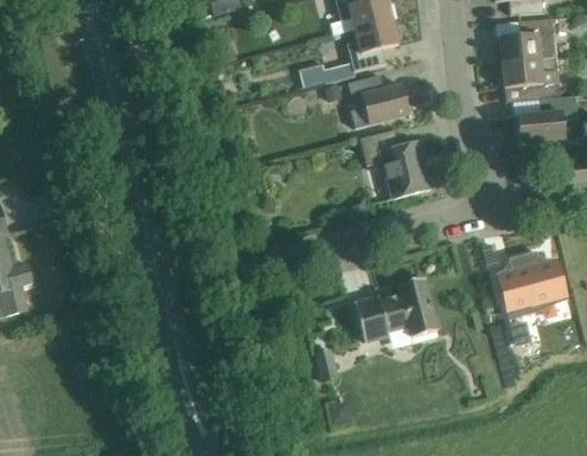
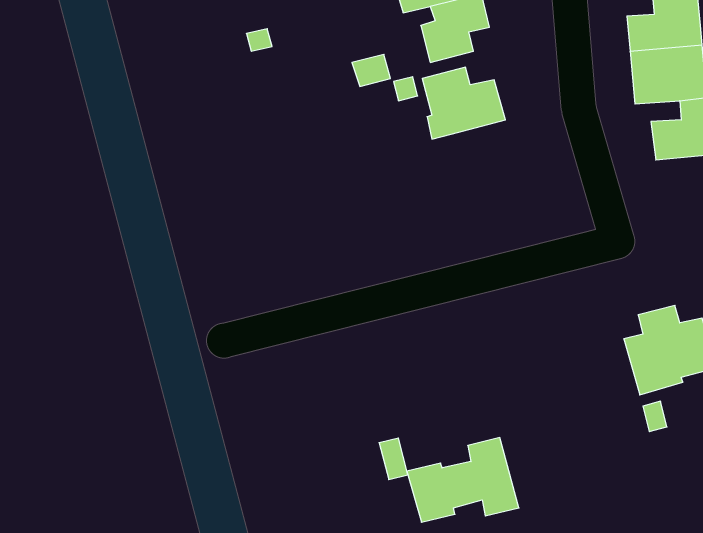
building: [359,128,430,198] -> none
building: [353,277,436,340] -> [407,438,519,522]

